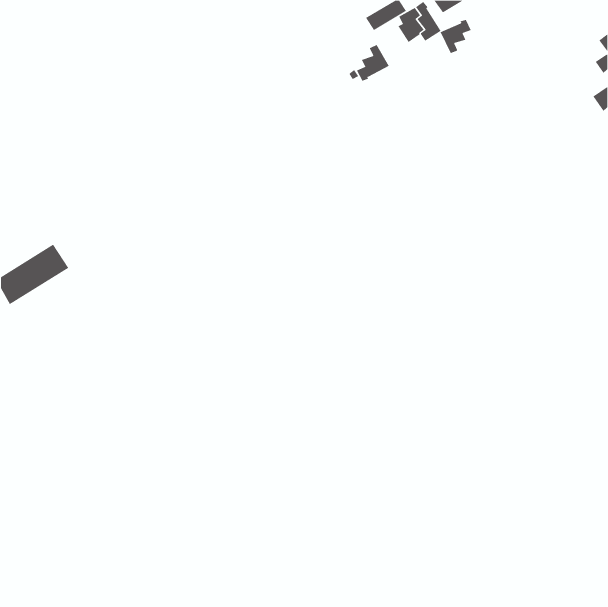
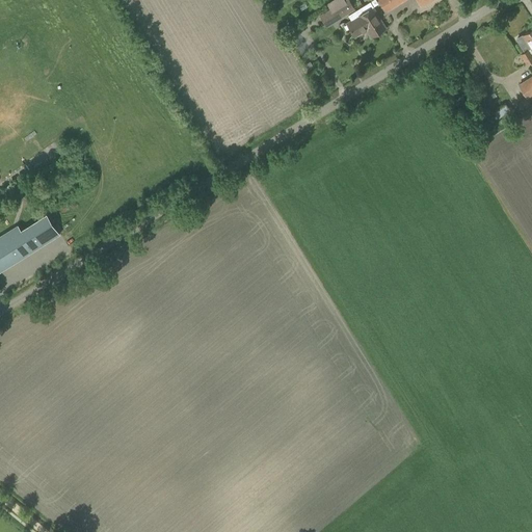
building: [440,19,471,54] -> none
building: [356,44,389,82] -> none

